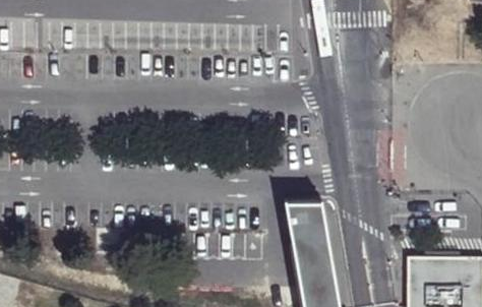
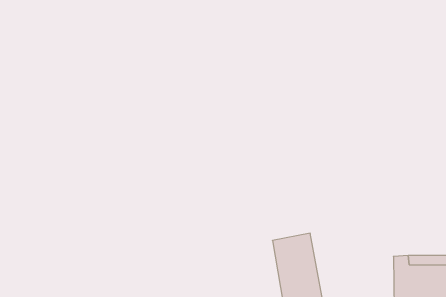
building: [286,205,328,246] -> none

